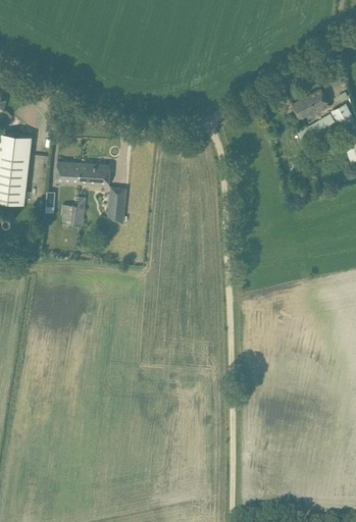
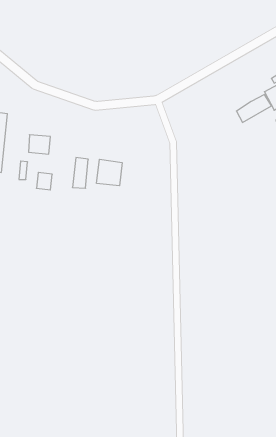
building: [293,88,330,121] -> none
building: [80,162,110,185] -> none
building: none -> [97,159,122,186]

